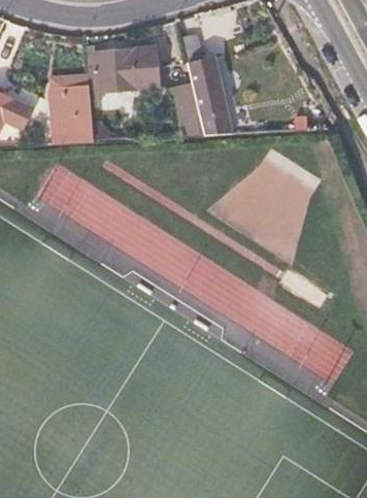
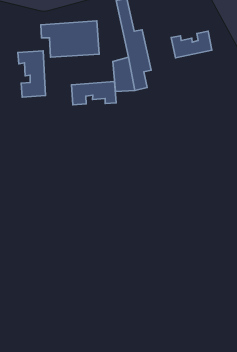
building: none -> [171,31,212,58]
building: none -> [71,81,116,105]

